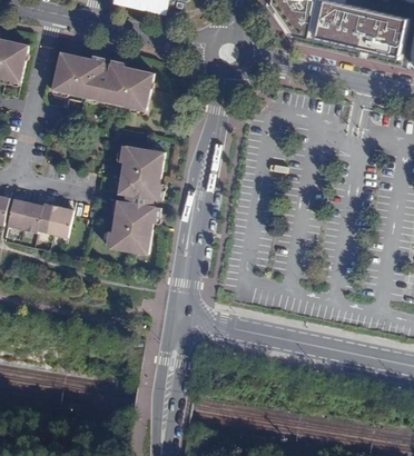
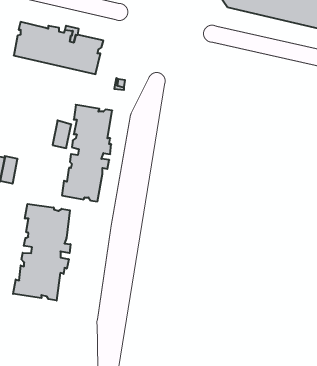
building: [50,206,71,237] -> [53,120,71,148]
building: none -> [13,204,70,301]

